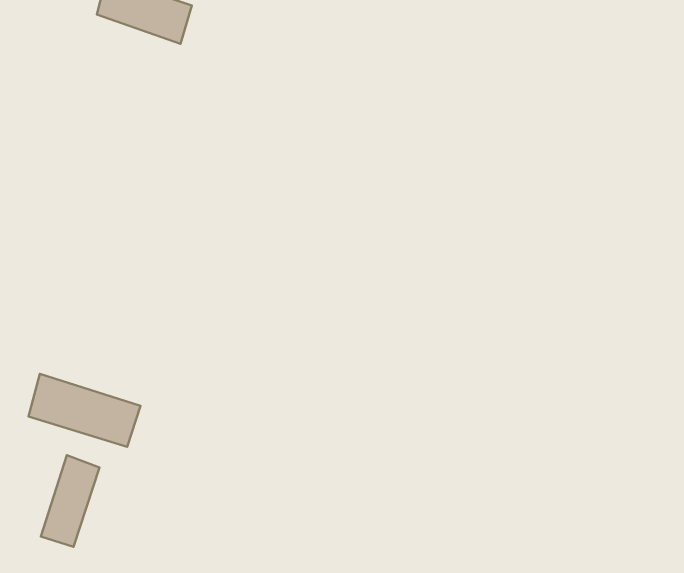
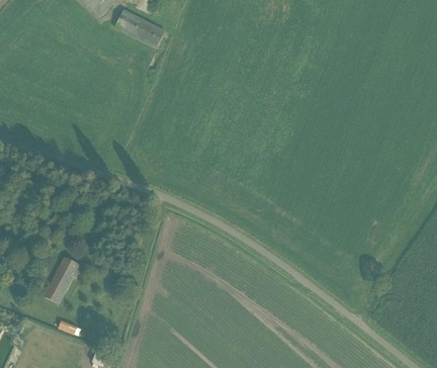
building: [29,374,140,447] -> none

